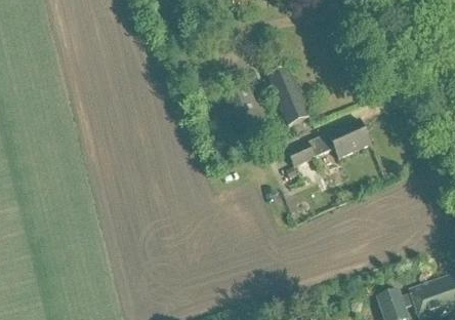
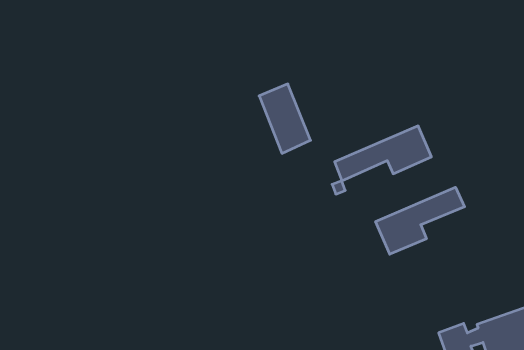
building: [267,67,309,124] -> none
building: none -> [376,187,465,254]

